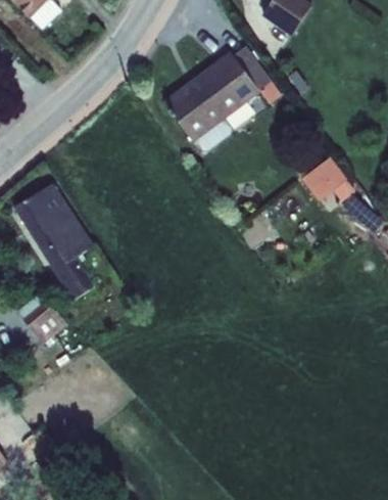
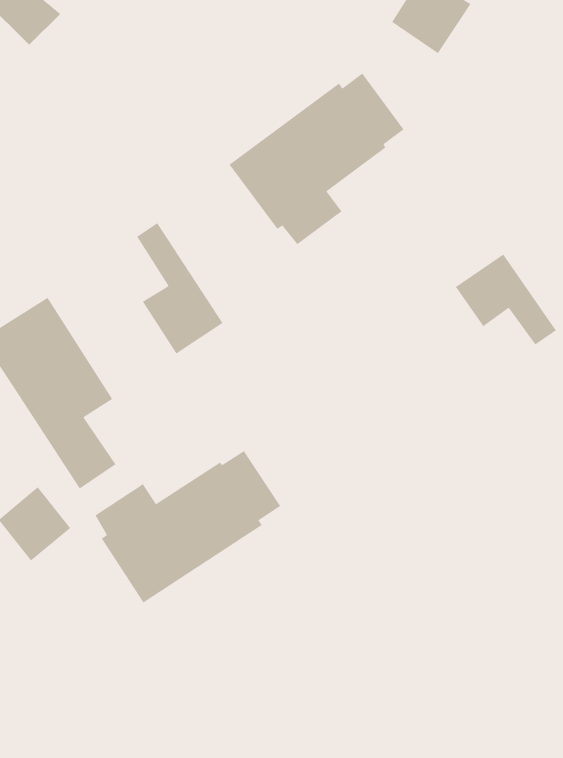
building: none -> [136,222,224,355]
building: none -> [94,450,281,604]

